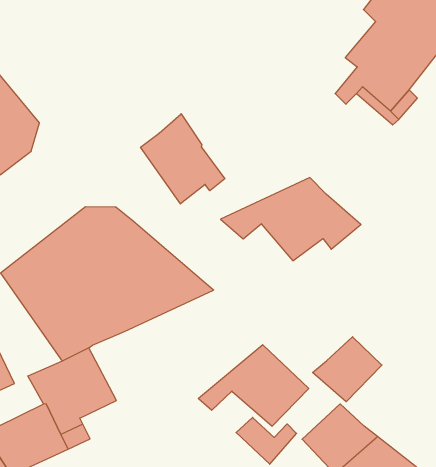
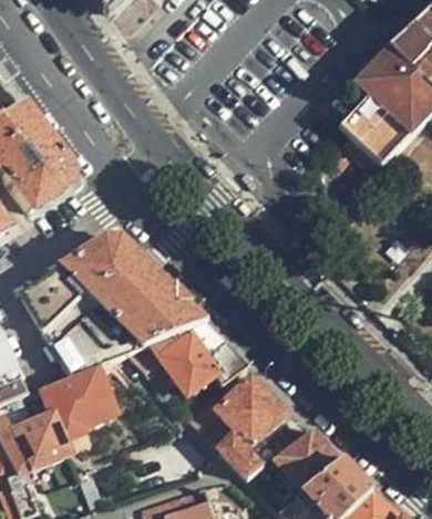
building: [141,114,225,204] -> none
building: [221,178,361,261] -> [130,319,253,391]
building: [313,337,382,402] -> none

